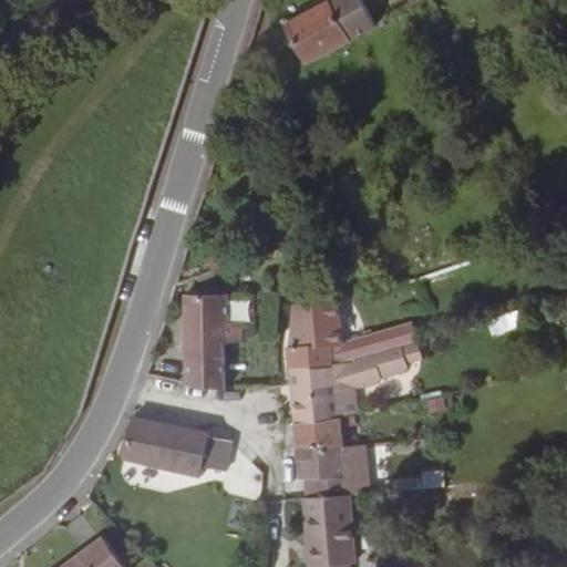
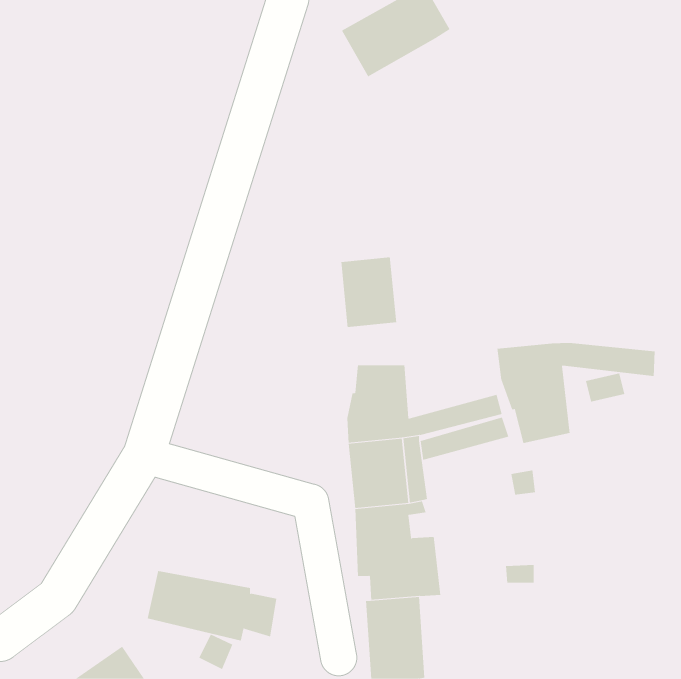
building: none -> [341,256,397,328]
building: none -> [497,342,655,444]
building: [184,295,237,391] -> none
building: [122,419,230,477] -> [147,571,277,641]

